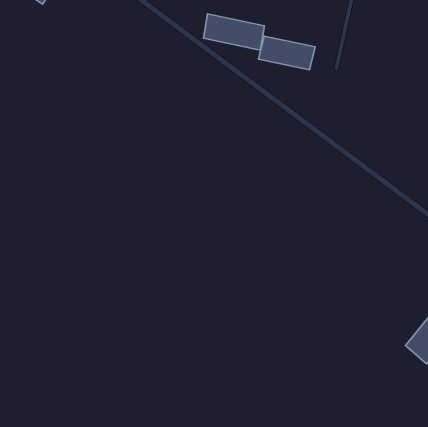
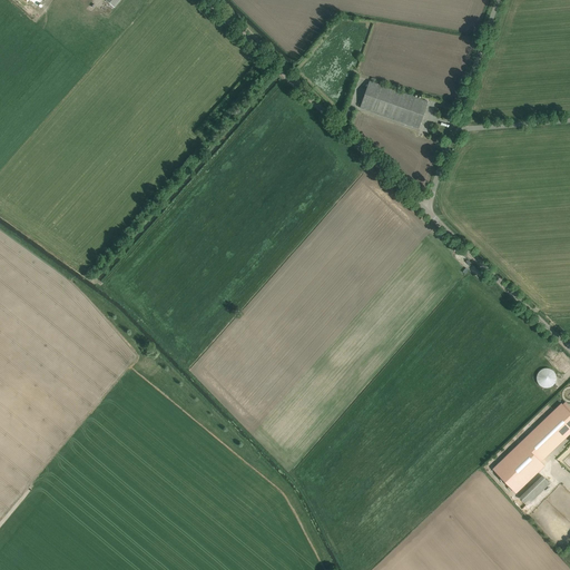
building: [203,14,264,50] -> none

